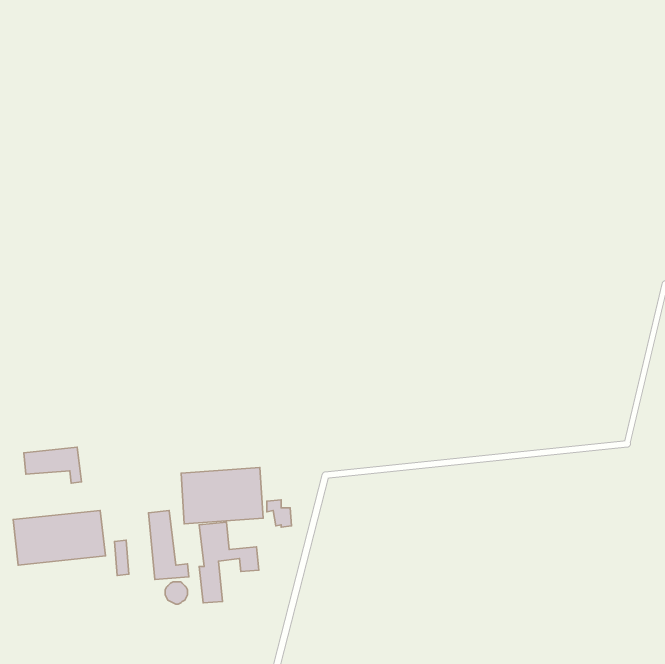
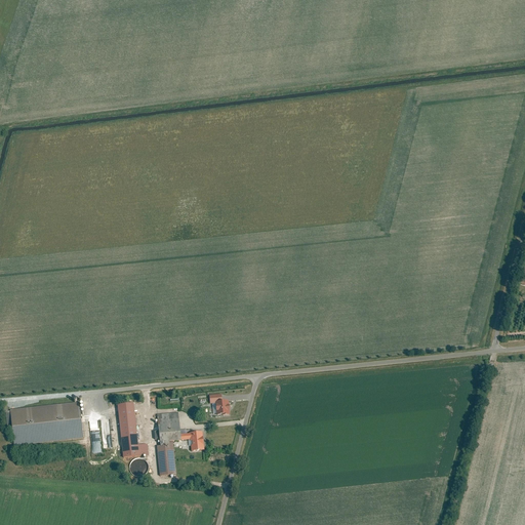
building: [24,447,81,483] -> none
building: [181,467,263,524] -> none

